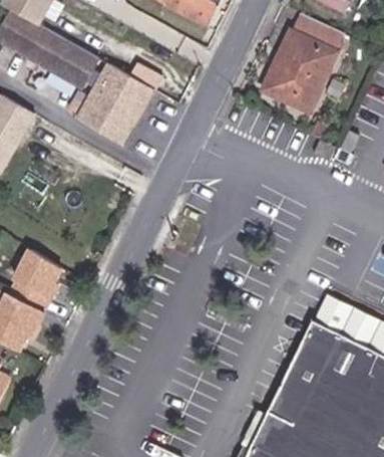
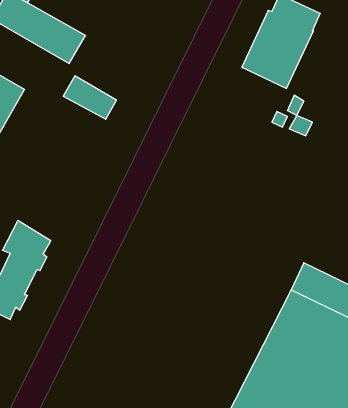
building: [88,64,151,125] -> none

